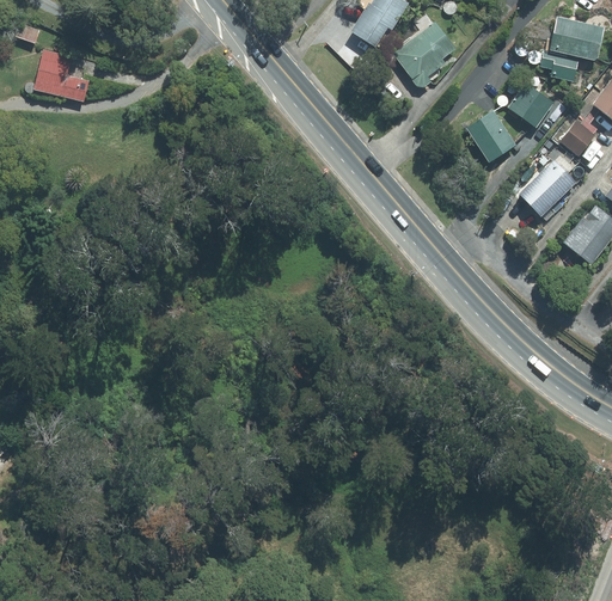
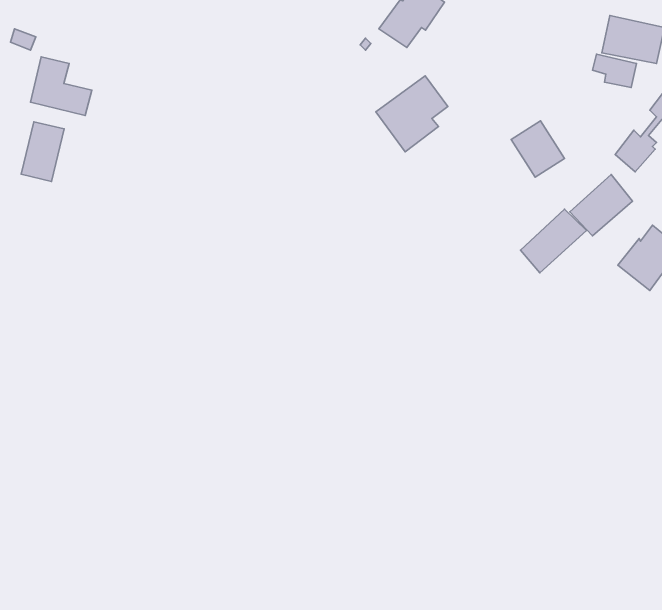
building: [392,22,457,90] -> [376,76,448,152]
building: [508,84,553,129] -> none
building: none -> [21,122,64,181]
building: none -> [520,209,587,273]

